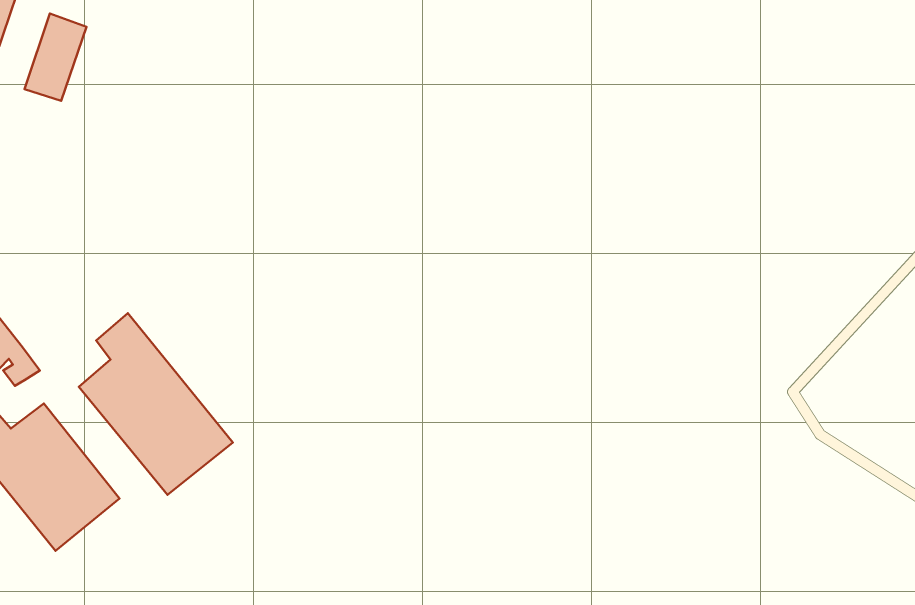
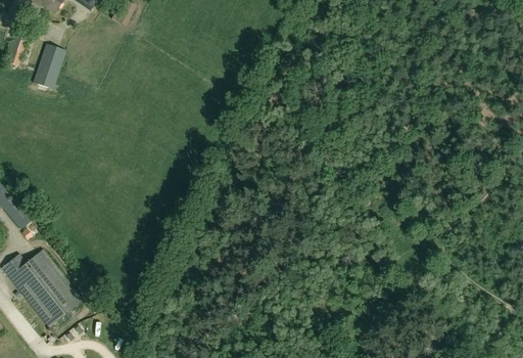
building: [79,313,233,495] -> none

